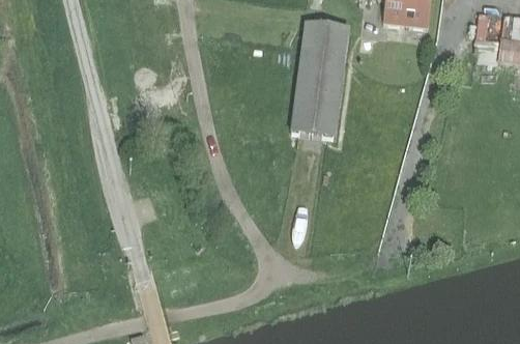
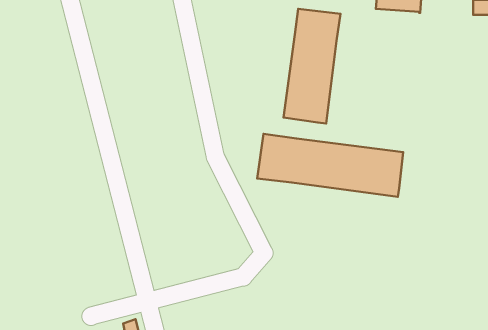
building: none -> [257,134,403,197]

